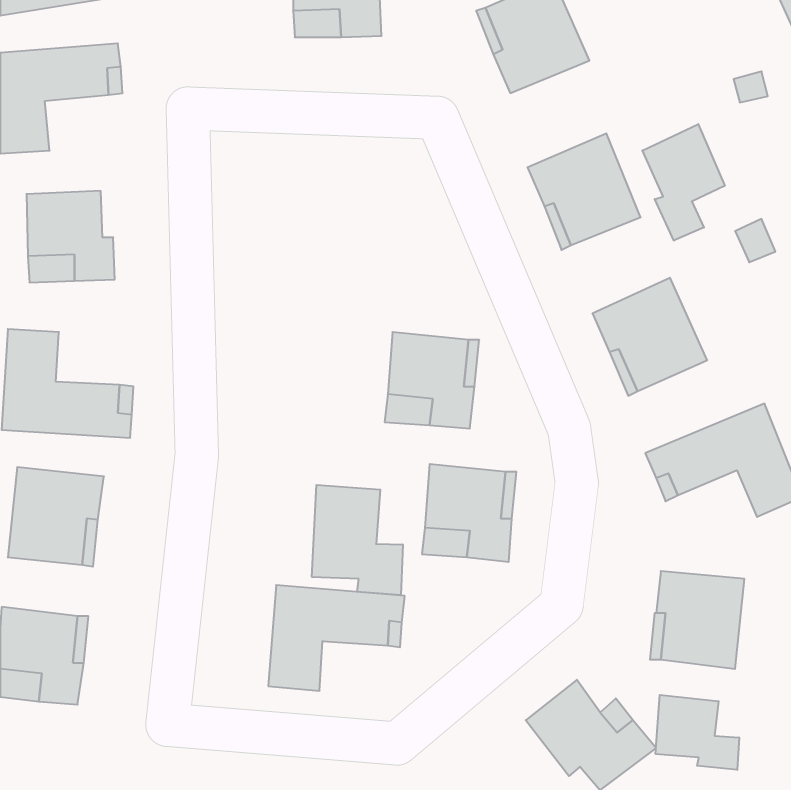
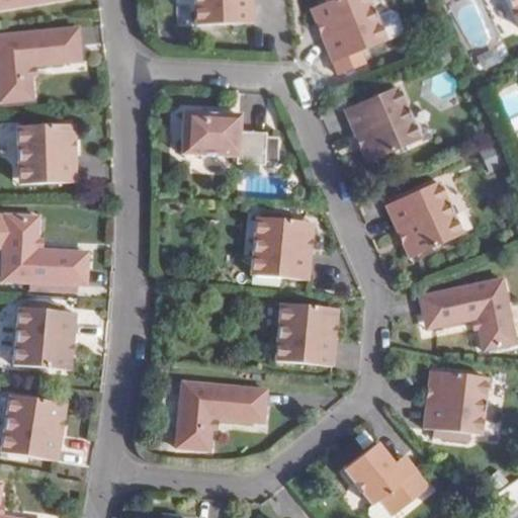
building: [642,124,725,241] -> none
building: none -> [182,111,276,162]
building: [312,485,403,595] -> none
building: [656,695,739,770] -> none

